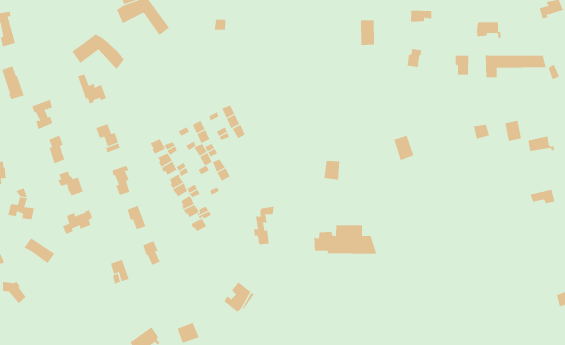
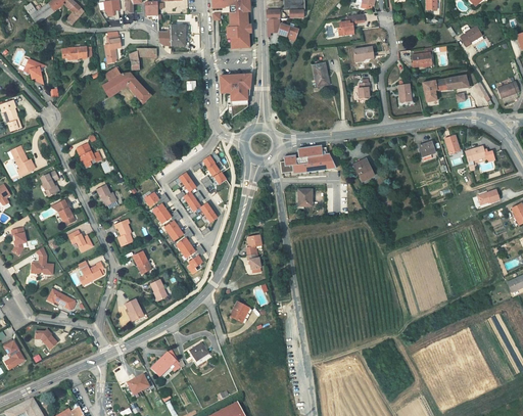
building: none -> [219,73,249,115]
building: [71,34,125,70] -> none
building: [313,225,377,254] -> [280,146,336,175]

